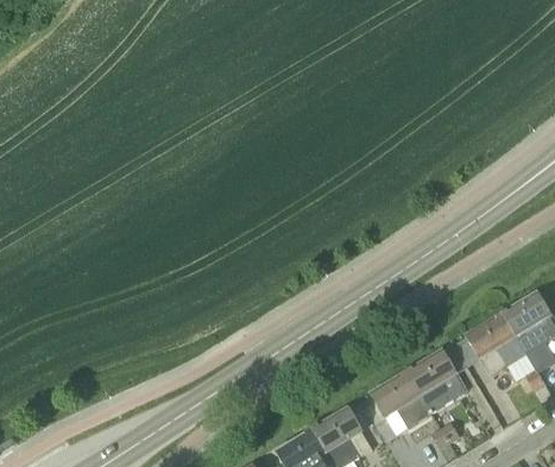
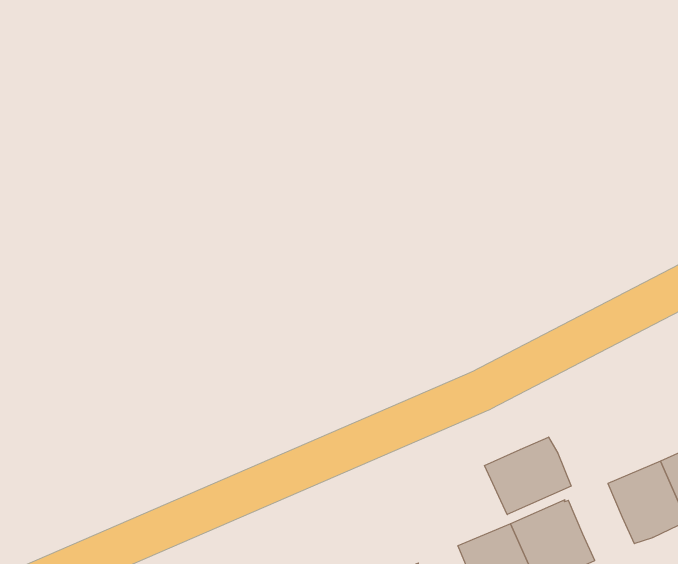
building: none -> [485,437,571,515]

